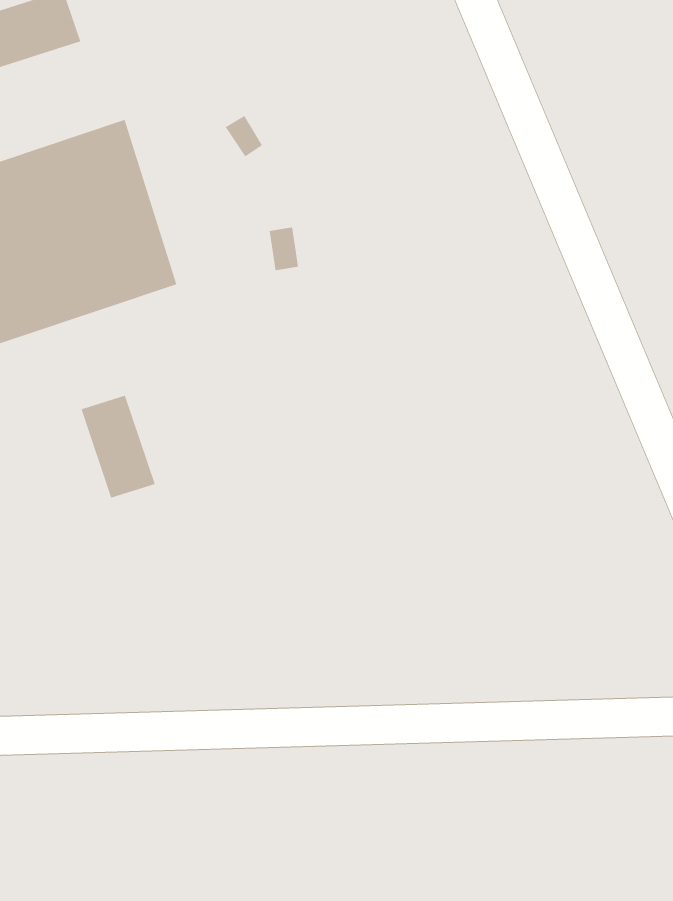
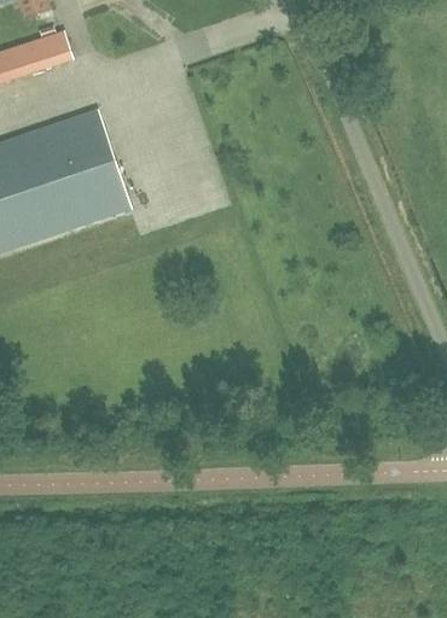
building: [81,395,155,498] -> none

